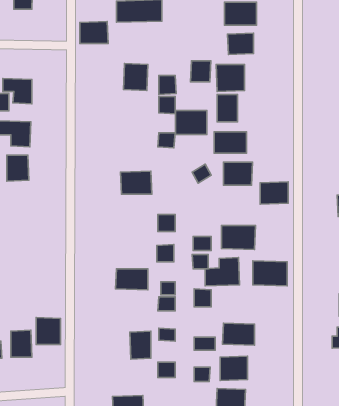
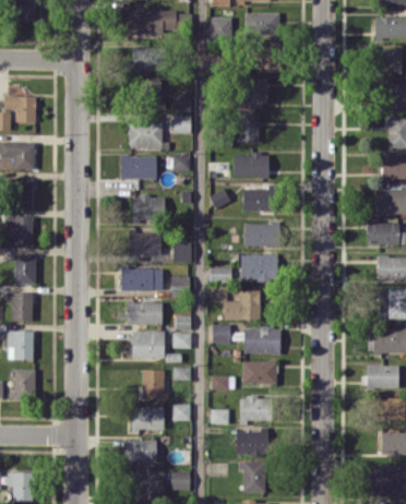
building: [80,21,108,44] -> [132,48,163,72]
building: [191,61,211,82] -> [211,17,232,40]
building: [176,110,207,135] -> [129,123,163,149]
building: none -> [121,155,156,179]
building: [260,182,288,204] -> [244,224,275,248]
building: none -> [11,216,33,245]
building: none -> [129,232,162,254]
building: none -> [13,254,36,284]
building: none -> [121,268,163,291]
building: none -> [8,292,33,322]
building: [253,261,287,286] -> [243,327,280,355]
building: none -> [128,331,165,359]
building: [36,317,60,345] -> [8,331,34,360]
building: none -> [131,407,165,431]

